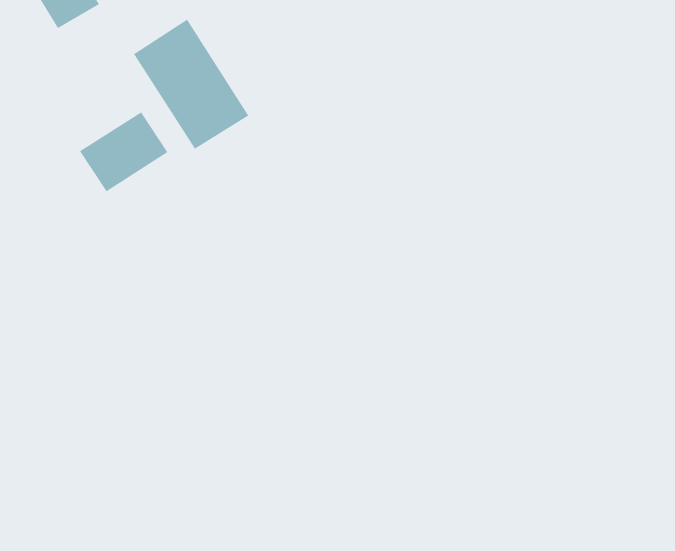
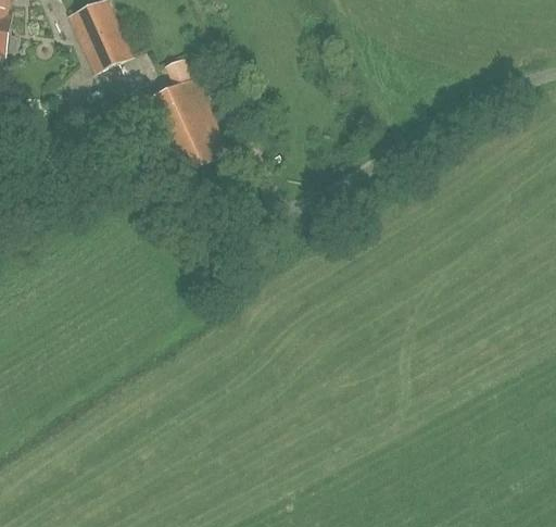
building: [79,111,168,192] -> none

